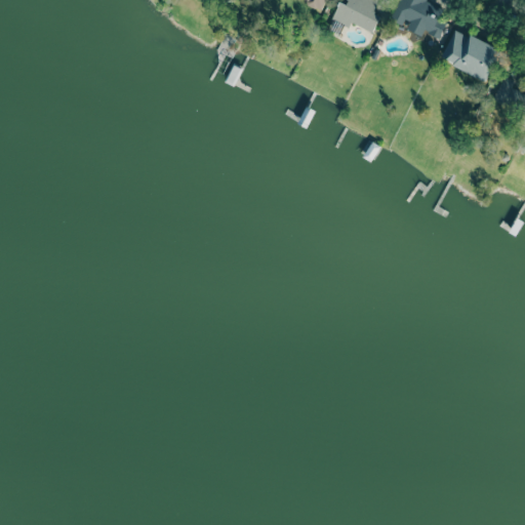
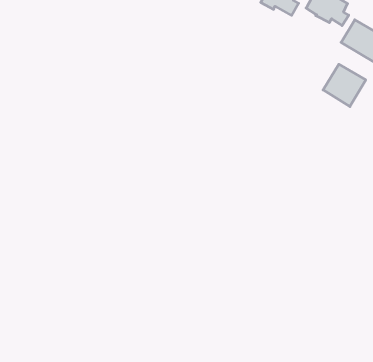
building: none -> [323,64,366,107]

